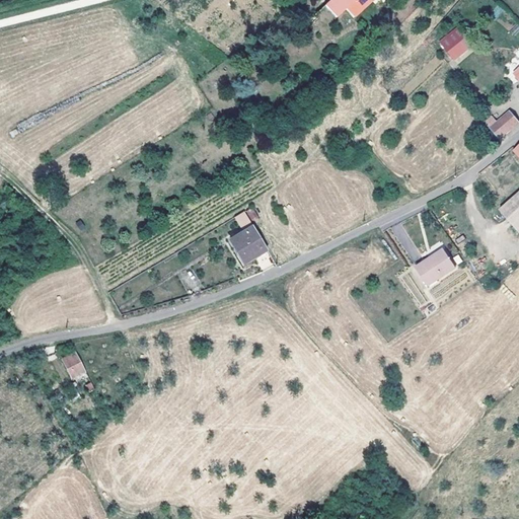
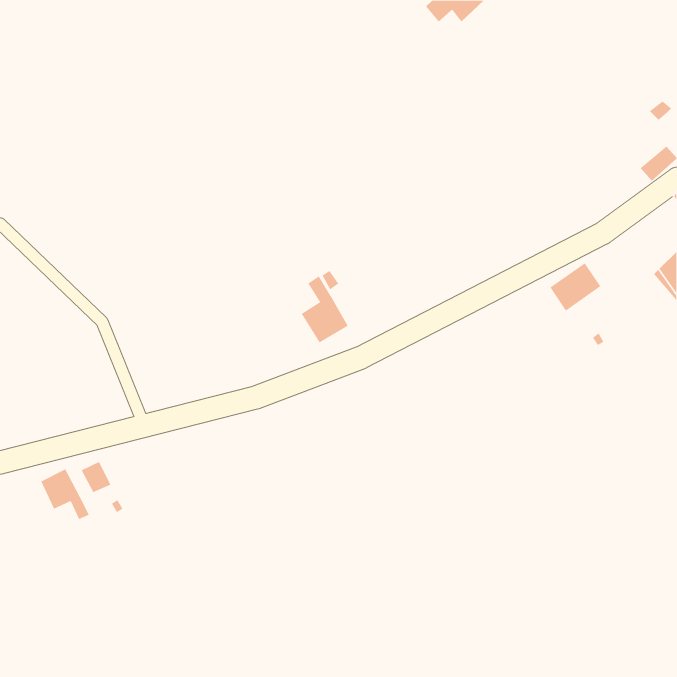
building: [439,24,471,57] -> none
building: [416,249,455,287] -> [549,262,601,311]
building: none -> [41,469,90,520]

